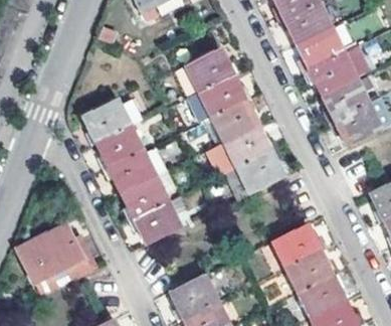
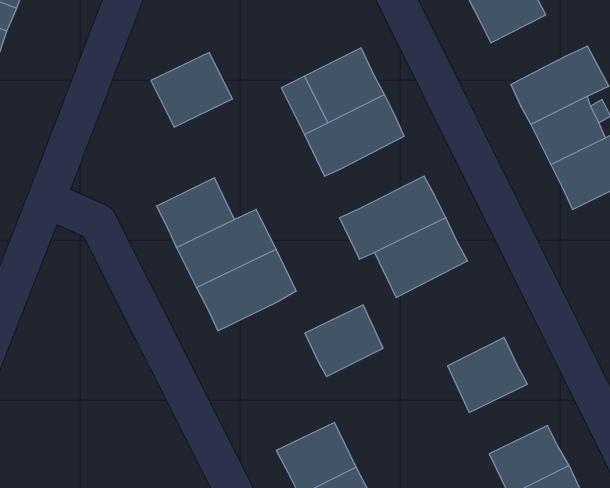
building: [299,27,344,69] -> none
building: [82,98,132,143] -> [151,52,233,127]
building: [207,101,258,145] -> none
building: [134,201,181,244] -> [305,305,383,376]
building: [16,225,89,297] -> none
building: [285,251,333,293] -> none

